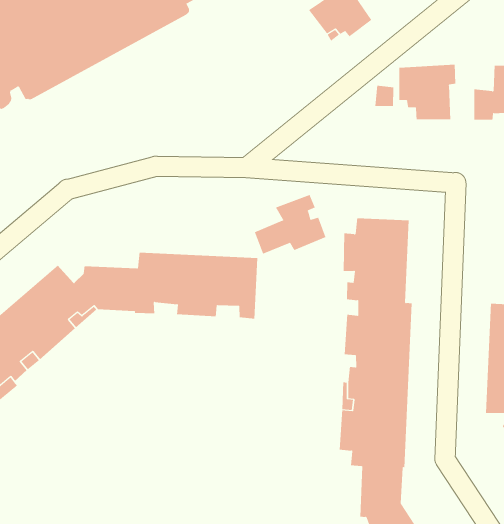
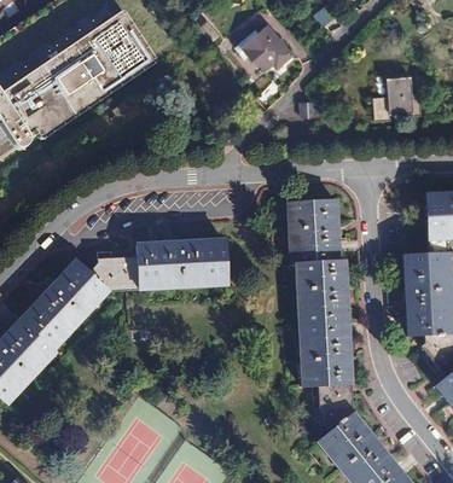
building: [399,64,456,120] -> none
building: [254,194,326,254] -> none

